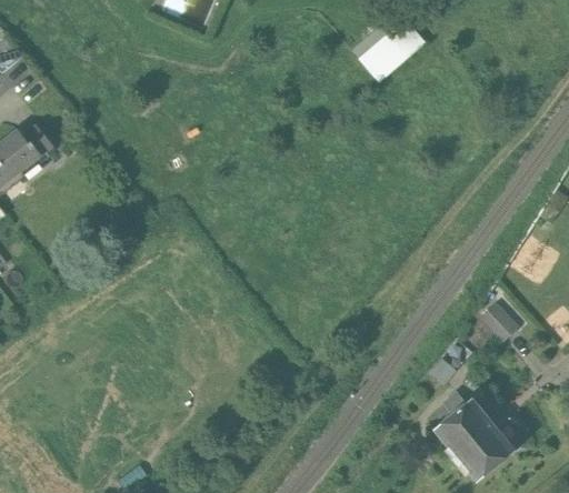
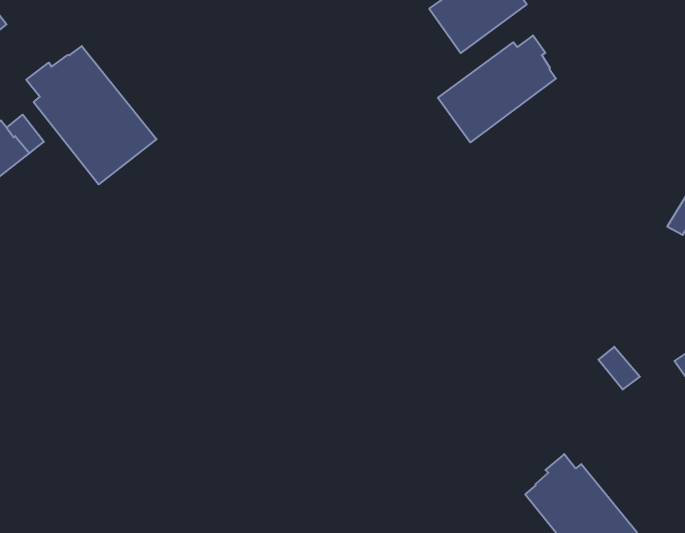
building: none -> [438,35,556,142]
building: none -> [26,46,157,184]

